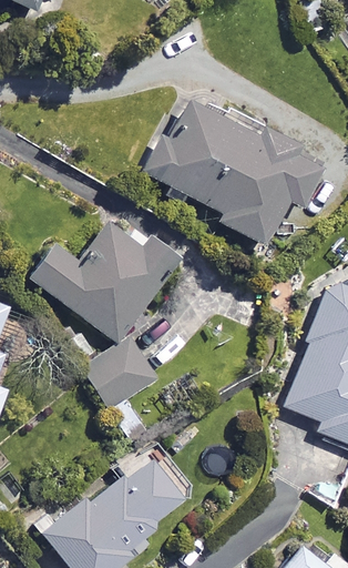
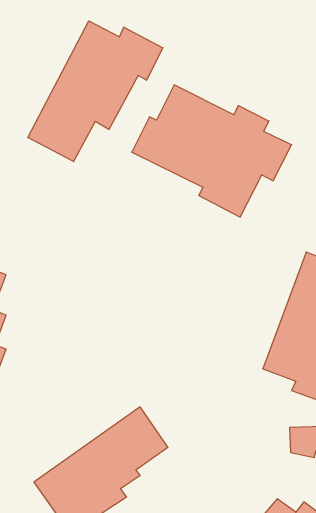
building: none -> [28,21,163,162]
building: [30,223,177,410] -> none

